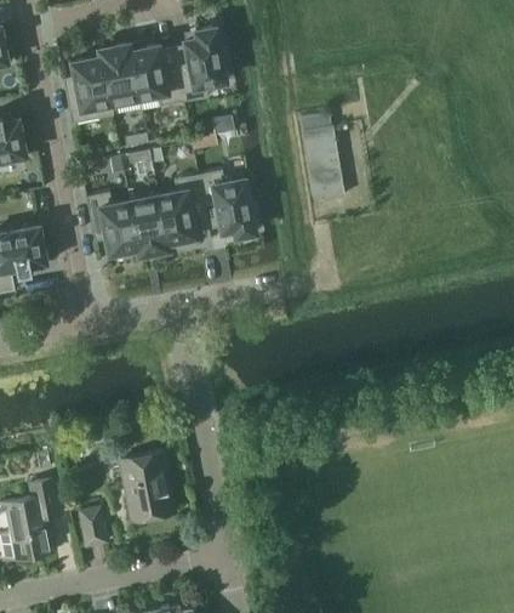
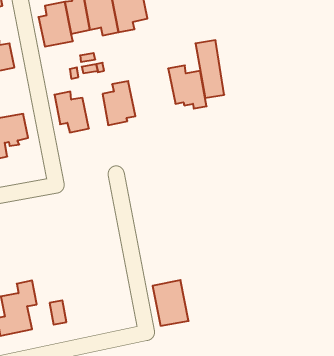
building: [199,171,257,237] -> [168,65,207,109]
building: [130,195,171,252] -> none
building: [120,452,175,521] -> [153,280,189,326]

